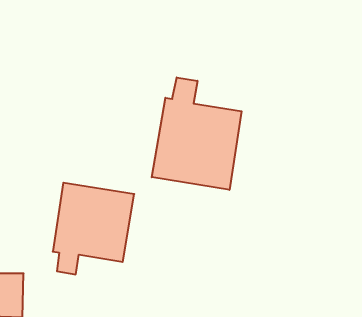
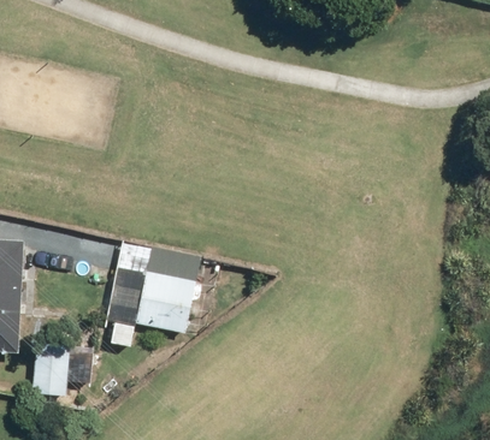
building: [152,77,242,190] -> none

